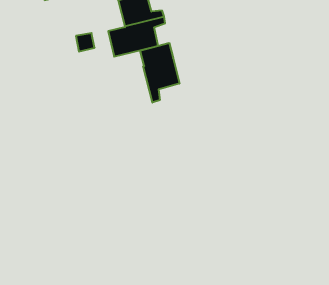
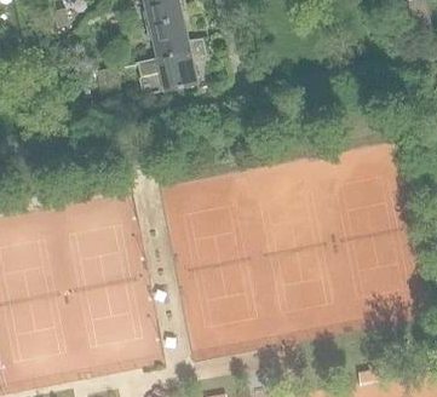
building: [140,43,179,103] -> none

